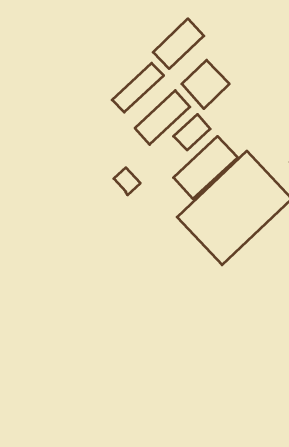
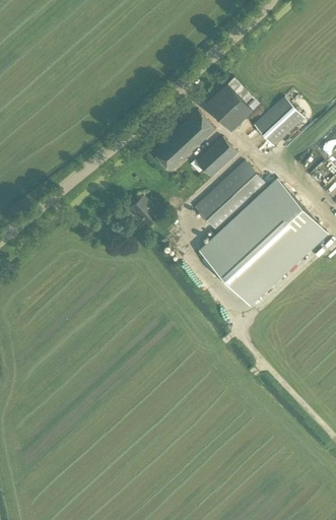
building: [153,19,204,69] -> none
building: [112,63,164,112] -> none
building: none -> [252,98,300,146]

